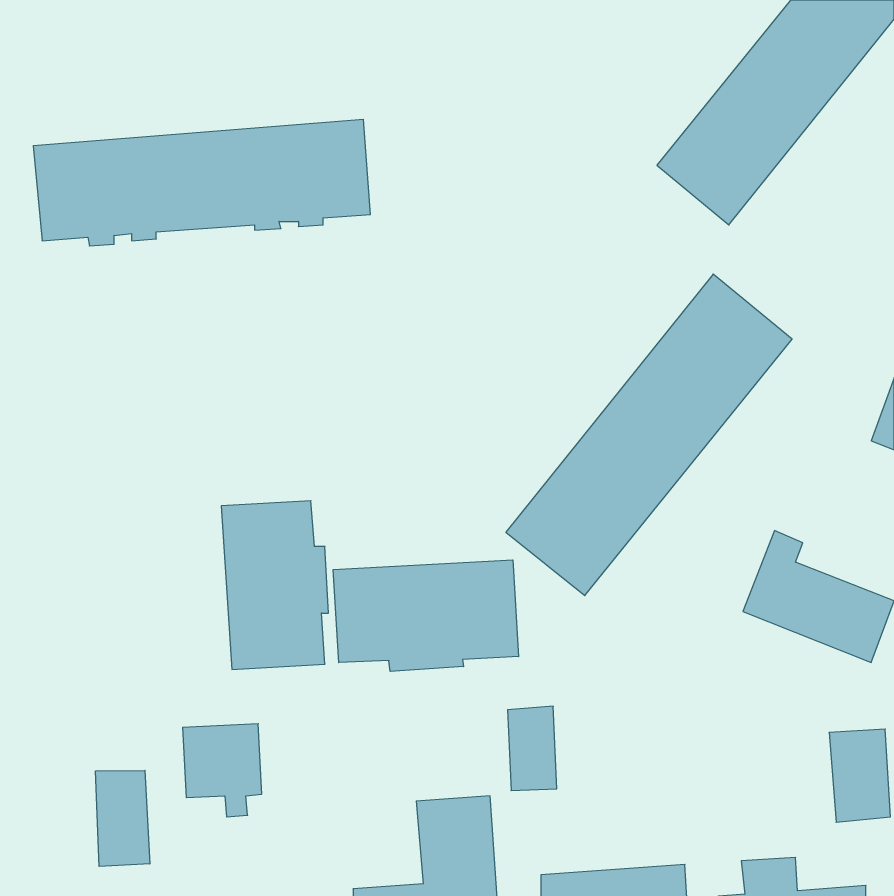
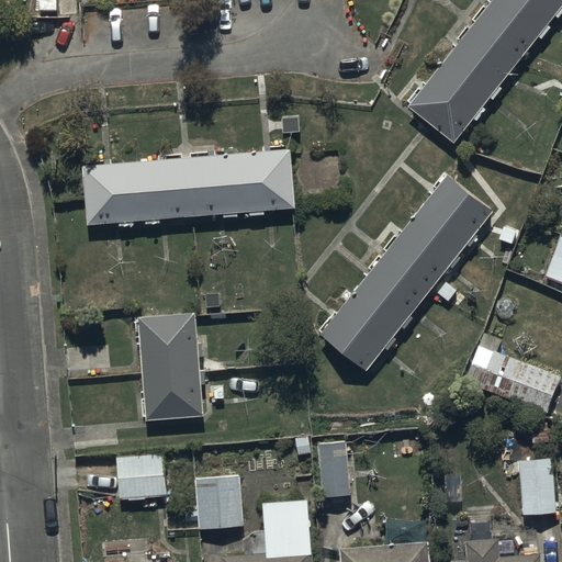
building: [33,119,370,246] -> [82,148,293,227]
building: [333,560,519,671] -> none
building: none -> [193,474,240,529]
building: [96,770,150,866] -> none

